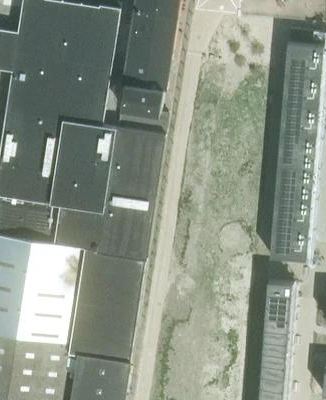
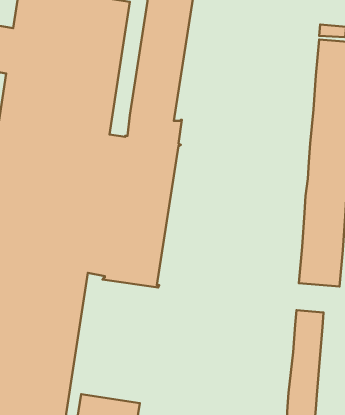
building: [86,260,138,353] -> none

